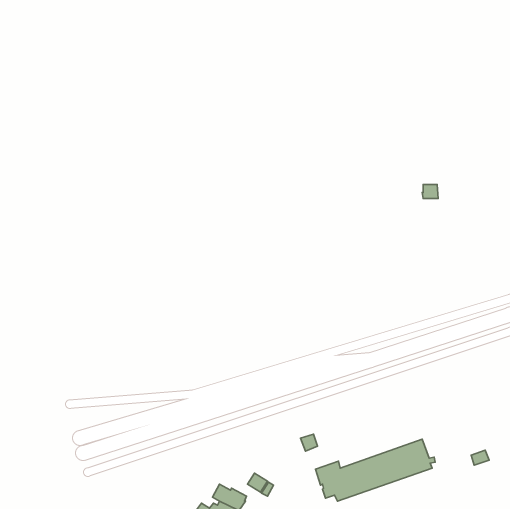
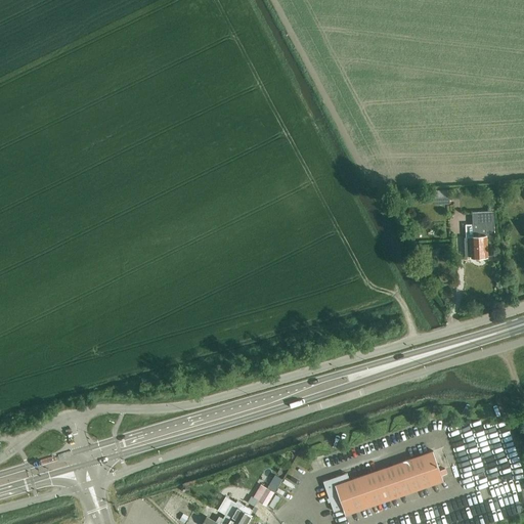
building: none -> [465,213,495,258]

